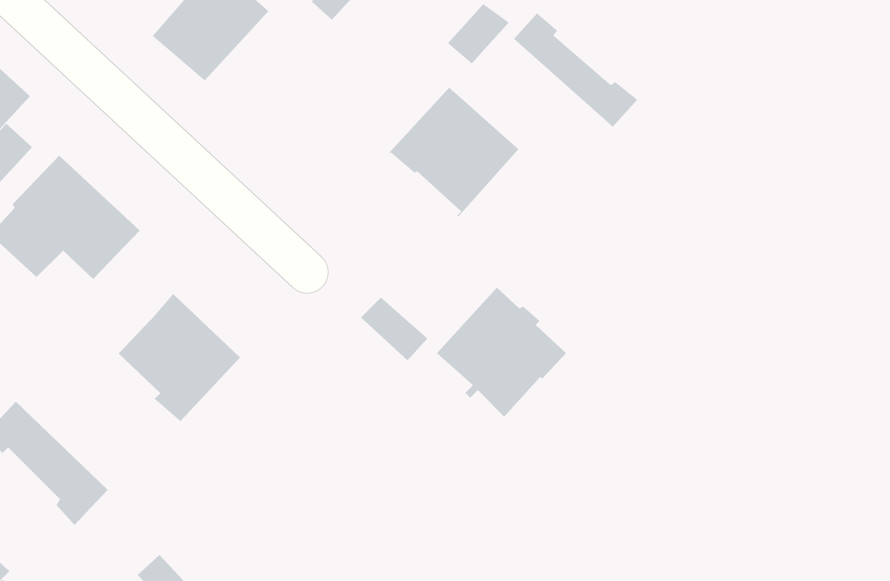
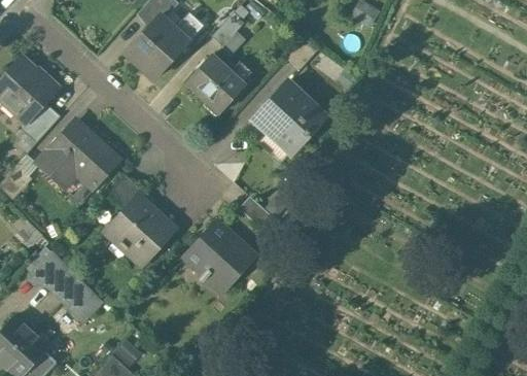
building: [513,12,638,127] -> none
building: none -> [186,57,243,112]
building: none -> [106,174,142,209]
building: [436,287,567,417] -> [183,220,254,292]

